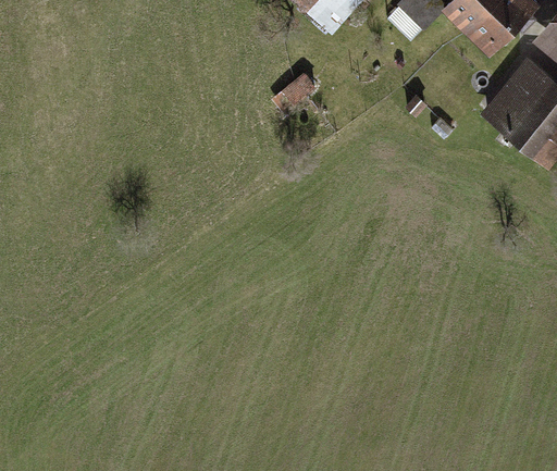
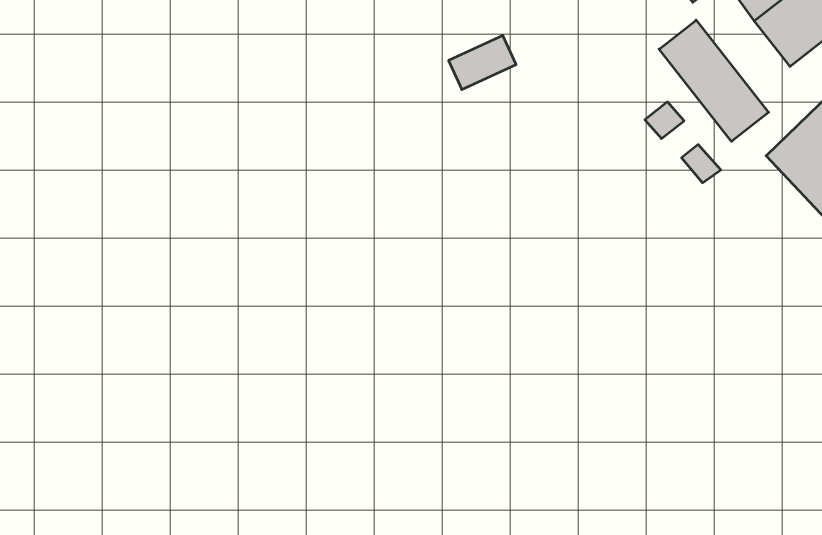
building: none -> [659,20,769,141]

